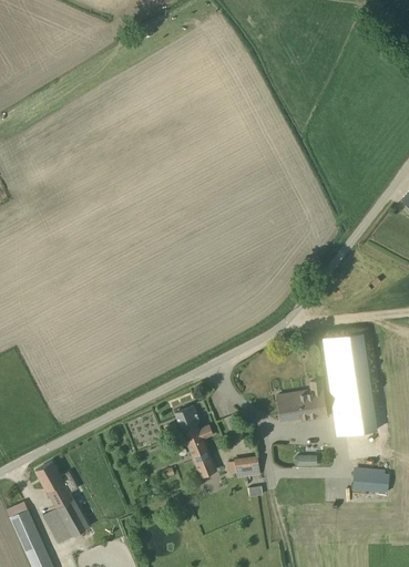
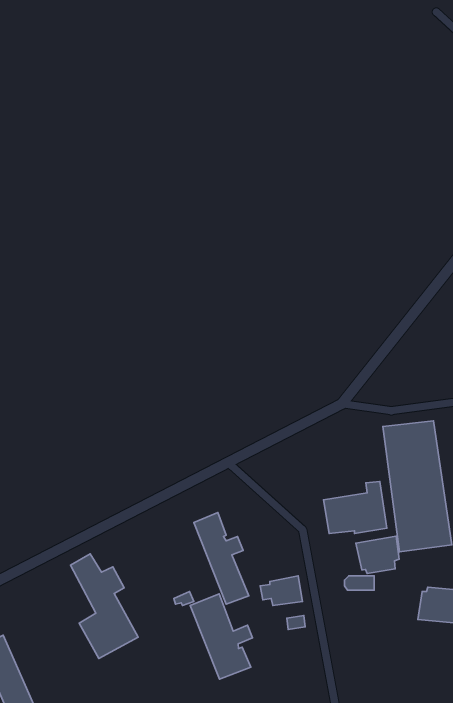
building: none -> [356,536,399,574]
building: [35,462,89,544] -> [71,554,138,658]
building: none -> [190,594,252,679]

